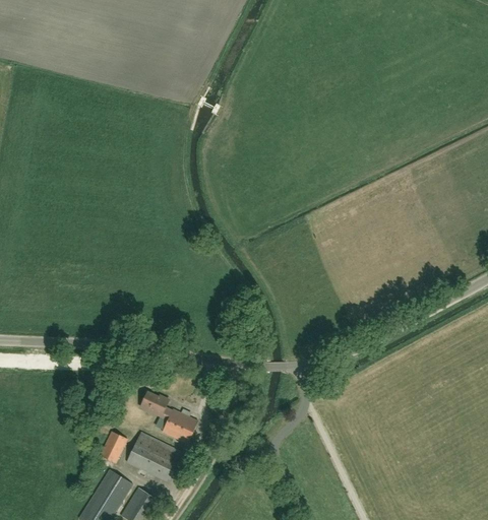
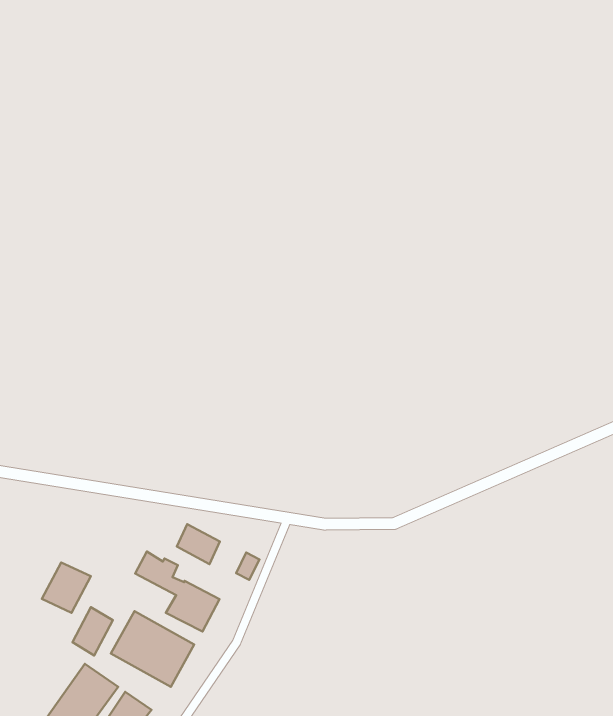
building: none -> [177,524,220,564]
building: none -> [42,562,91,613]

